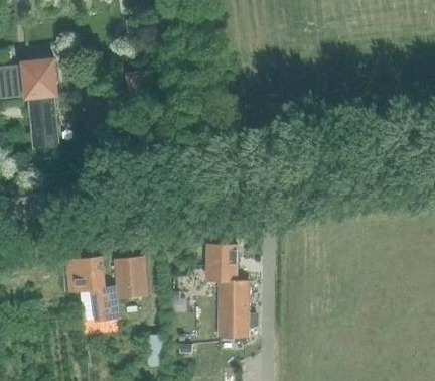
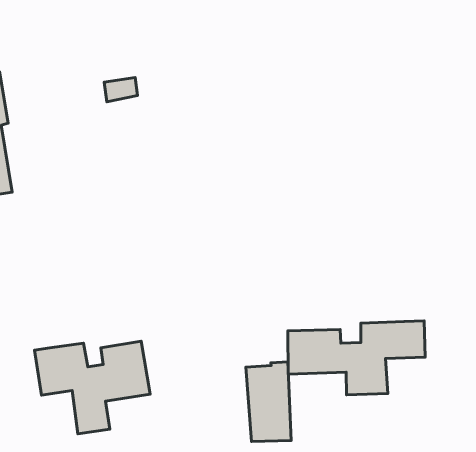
building: [205,244,236,281] -> none
building: none -> [288,321,425,395]

